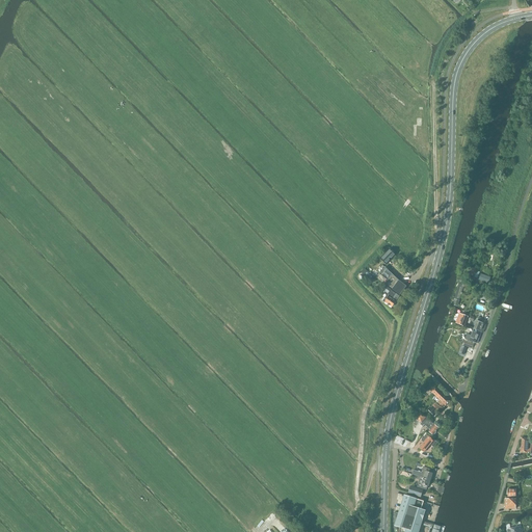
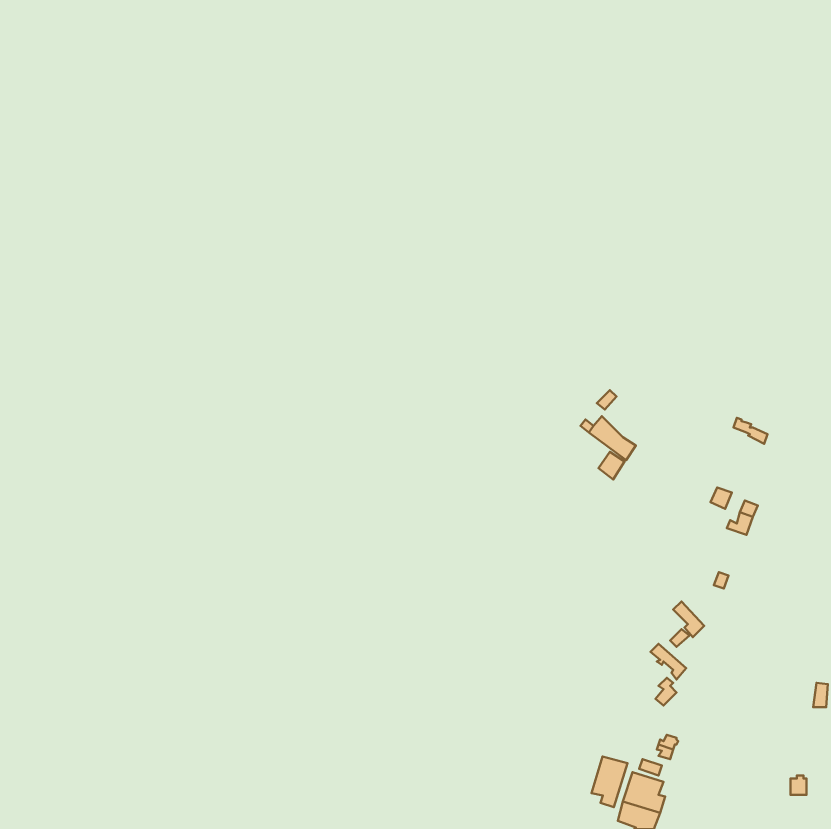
building: none -> [592,757,627,807]

